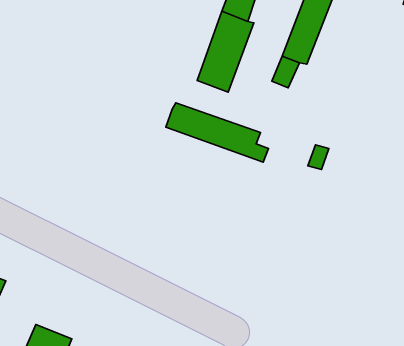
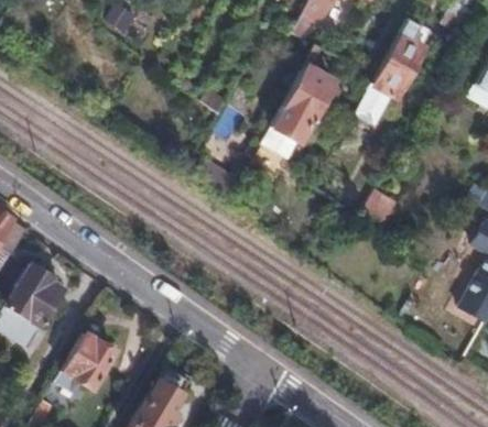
building: [166,103,268,162] -> none

